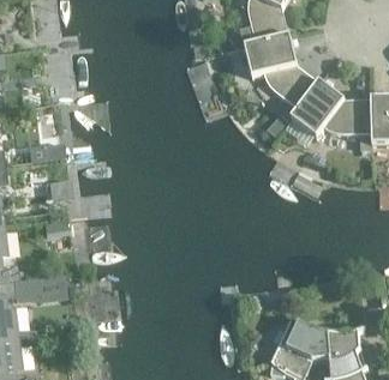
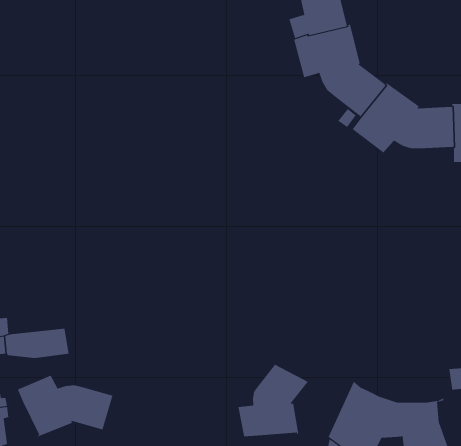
building: none -> [238,364,309,437]
building: none -> [17,375,113,437]

